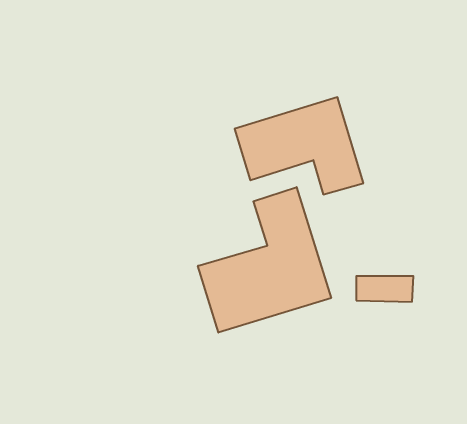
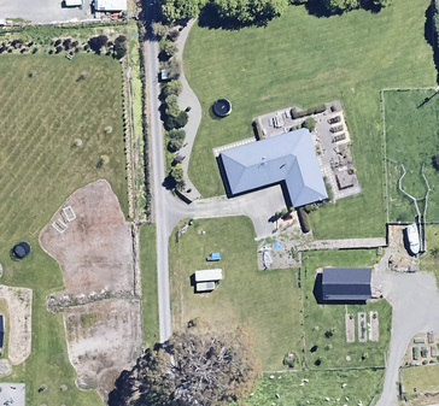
building: [198,187,331,333] -> none

